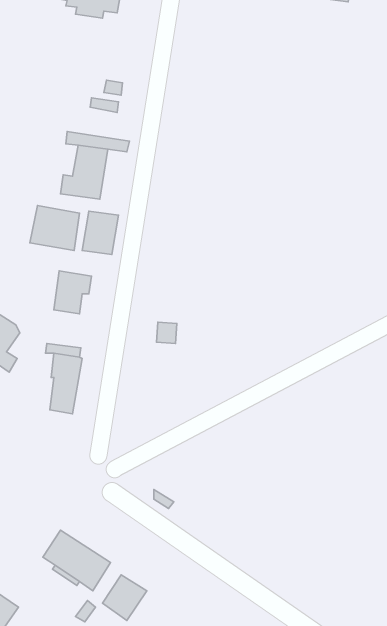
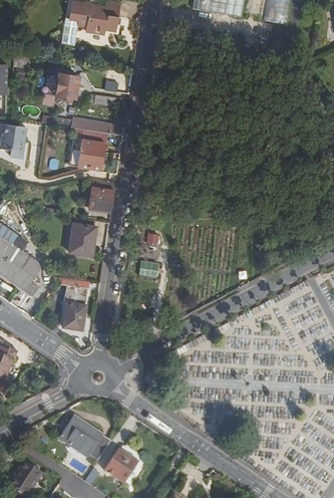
building: none -> [45,72,78,100]
building: [30,206,79,250] -> none

